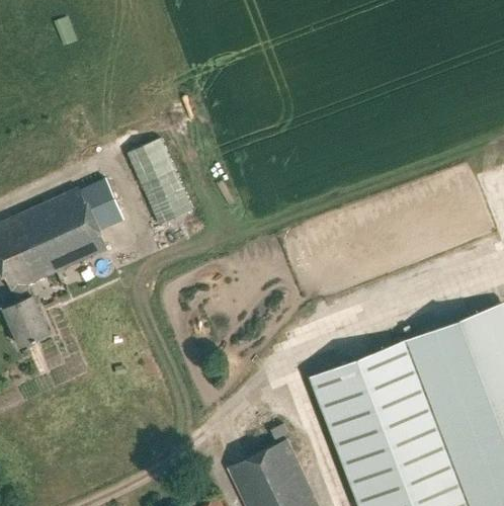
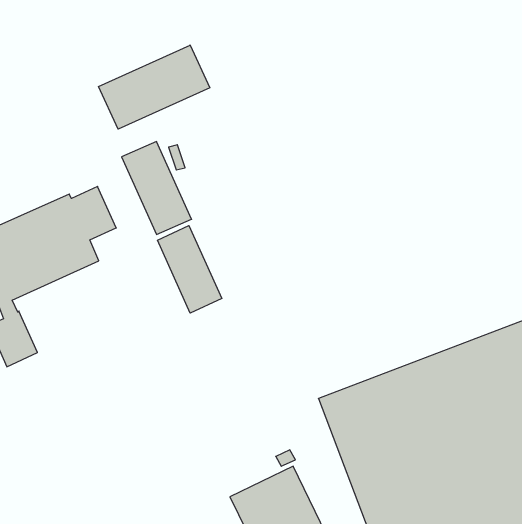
building: none -> [98,45,210,129]
building: none -> [157,226,222,313]

